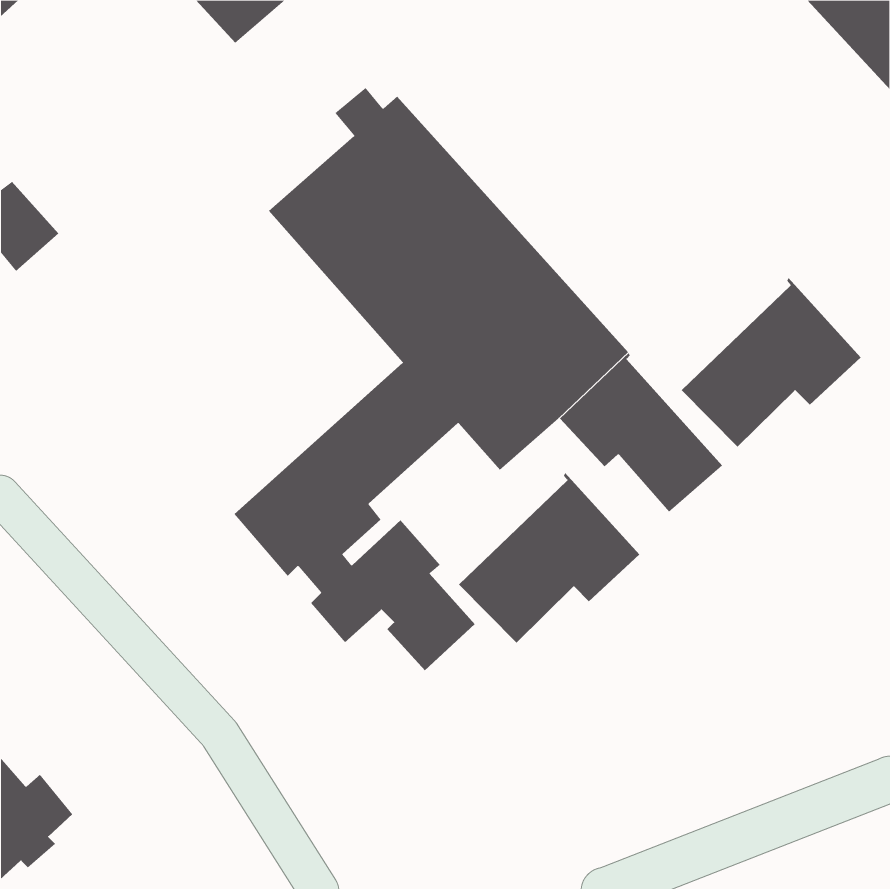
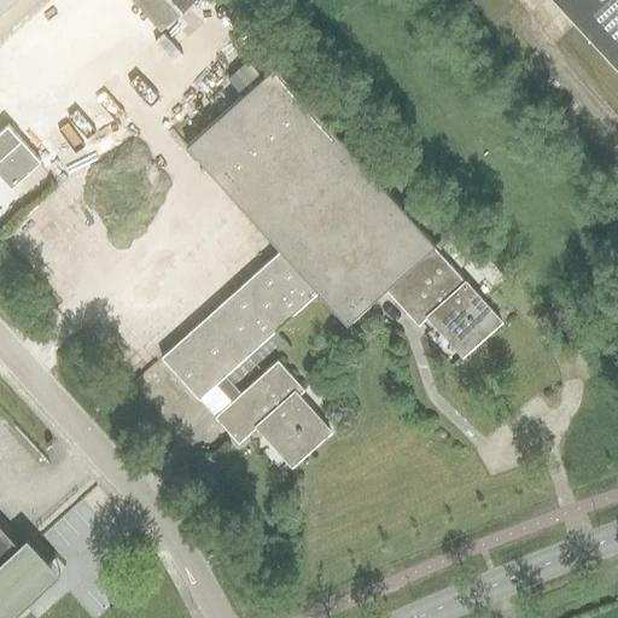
building: [681,277,861,448] -> none
building: [458,472,640,644] -> none

